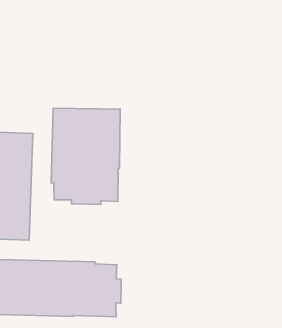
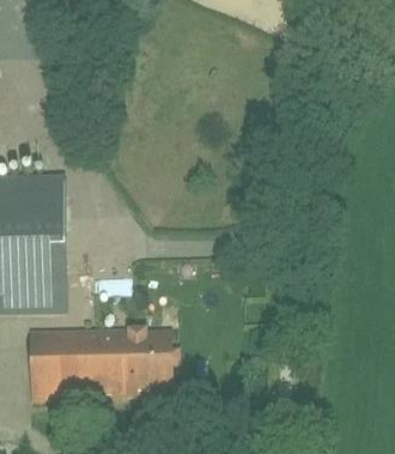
building: [51,108,120,205] -> none

